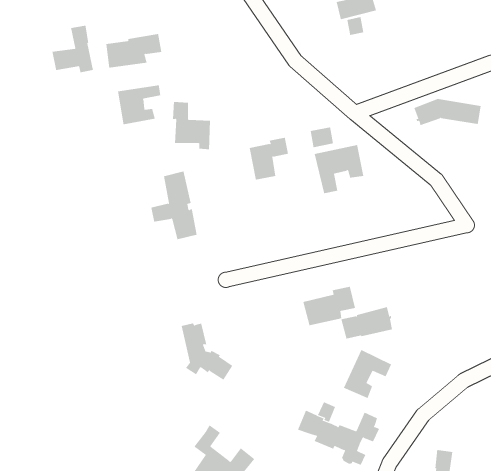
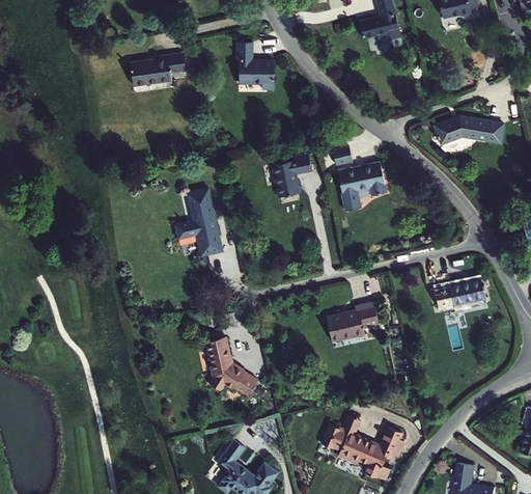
building: [52,25,93,73] -> none
building: [117,85,161,125] -> none
building: [172,102,211,150] -> [236,43,275,90]
building: [340,307,393,339] -> [432,277,484,309]
building: [343,349,392,399] -> none

